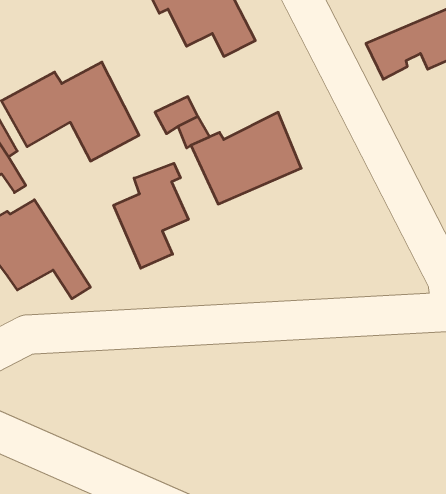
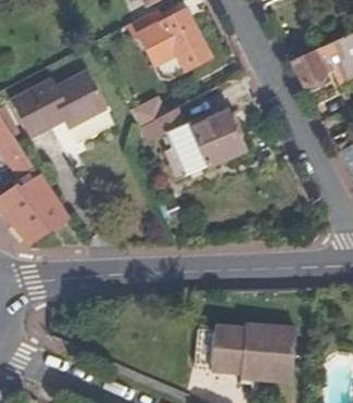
building: [114,163,188,268] -> none
building: none -> [193,326,294,380]

